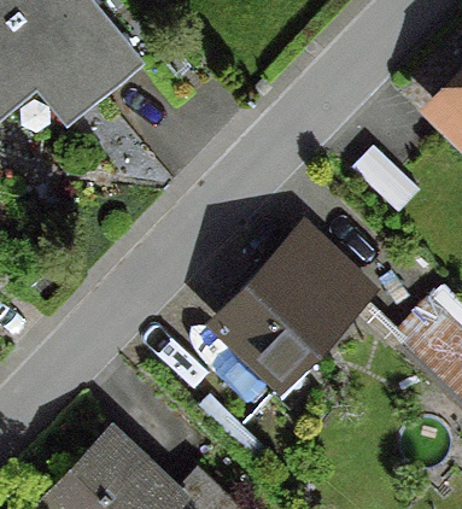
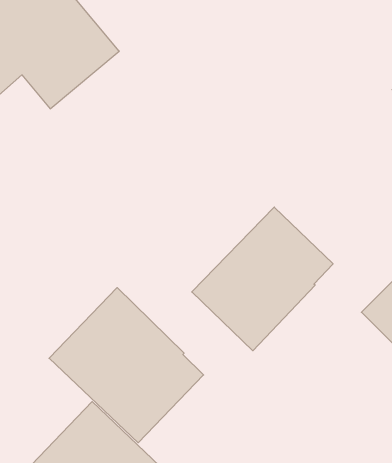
building: none -> [49,288,204,443]

